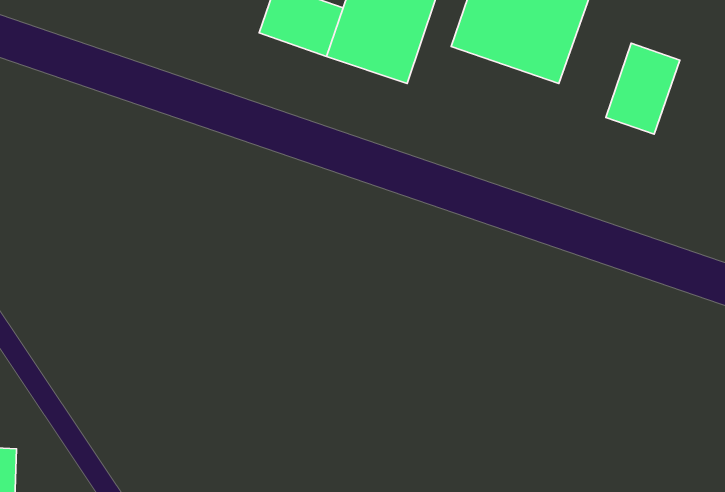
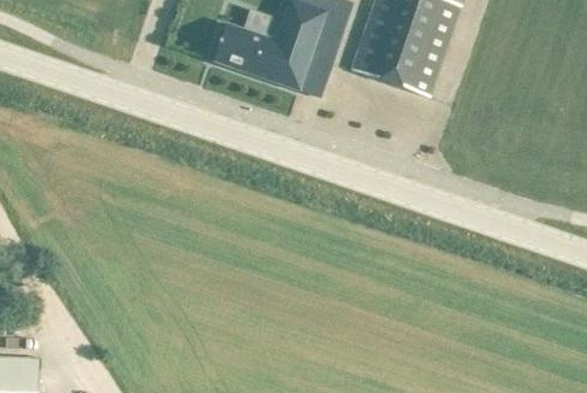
building: [606,43,680,134] -> none

